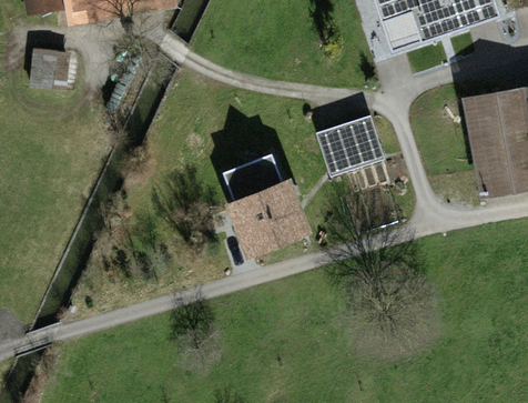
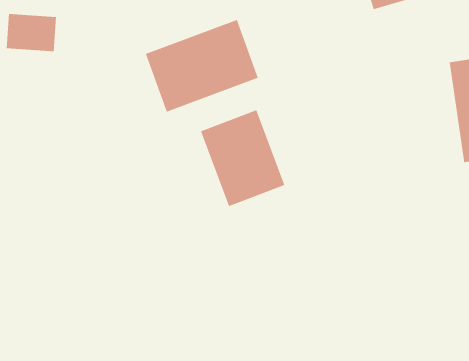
building: none -> [145,19,259,112]
building: [318,115,379,163] -> none

